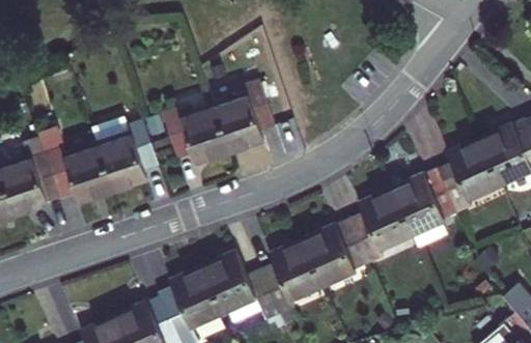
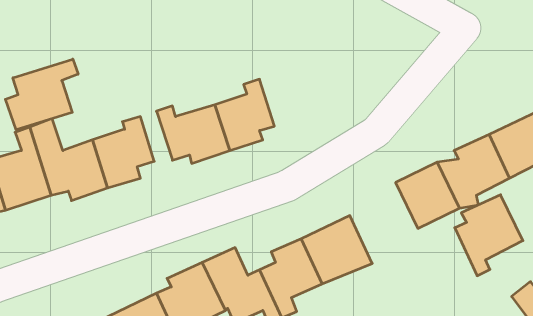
building: none -> [5,59,78,130]
building: [348,187,415,265] -> [455,195,523,276]

